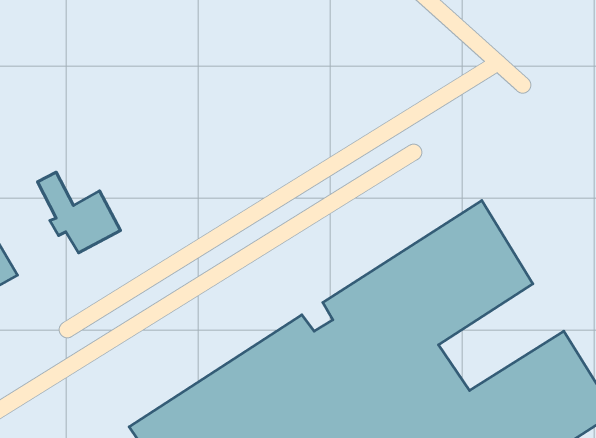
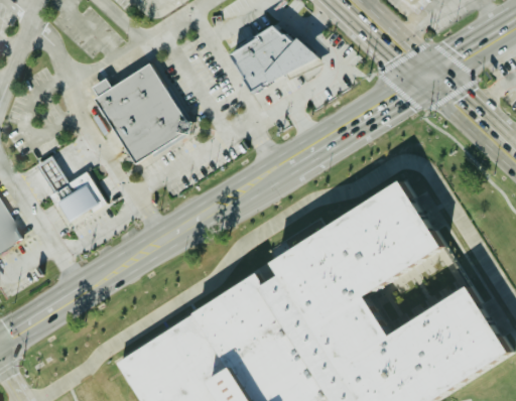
building: none -> [236,24,325,96]
building: none -> [92,63,194,164]

